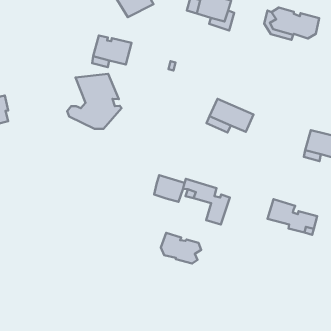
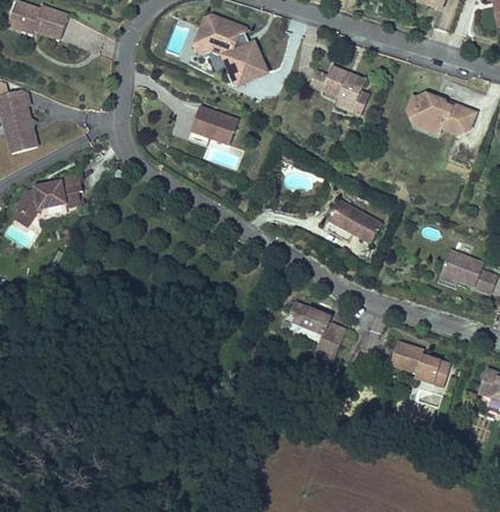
building: [67,74,121,129] -> none
building: [154,175,184,202] -> none
building: [161,233,201,263] -> none

